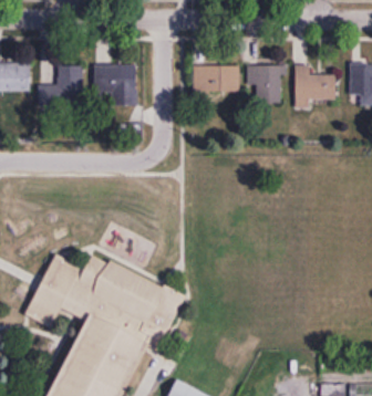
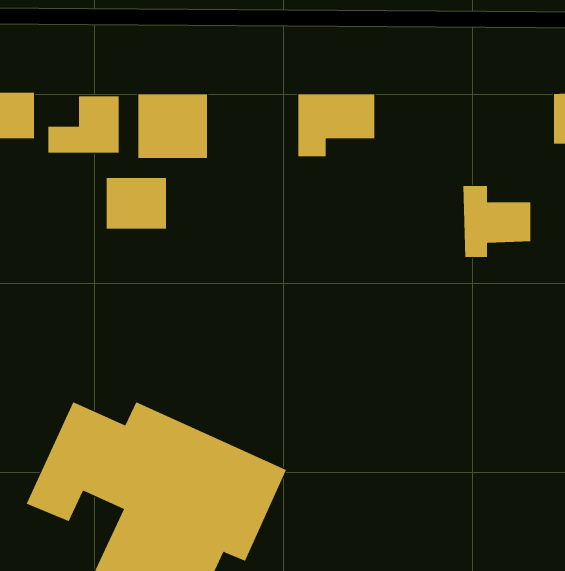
building: [293,64,335,108] -> [463,186,531,258]
building: [246,65,282,103] -> none
building: none -> [106,177,167,230]

